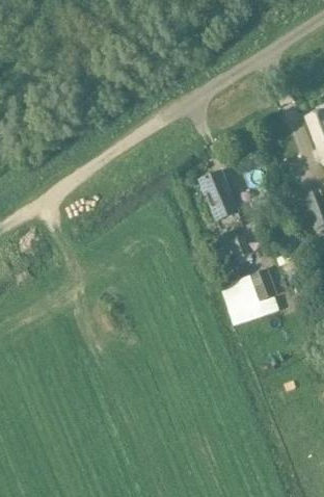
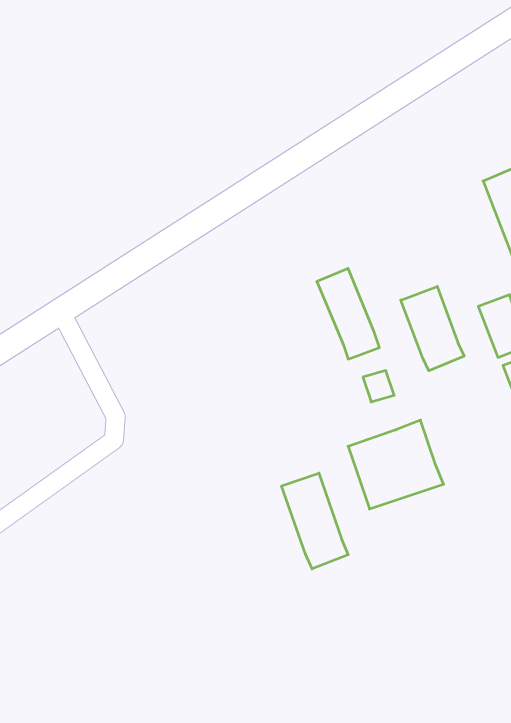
building: none -> [401,286,464,371]
building: none -> [282,473,348,569]

